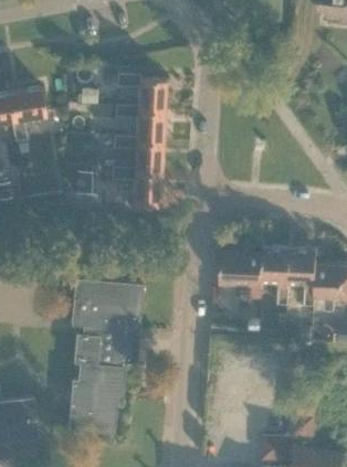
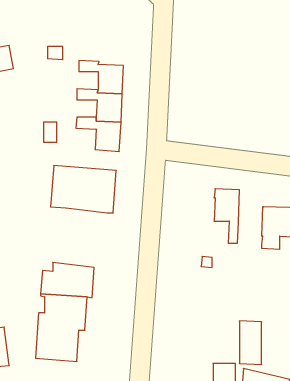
building: [114,75,164,112] -> none
building: [288,247,317,307] -> none
building: [219,255,263,300] -> none
building: [69,280,140,332] -> [51,166,116,213]

